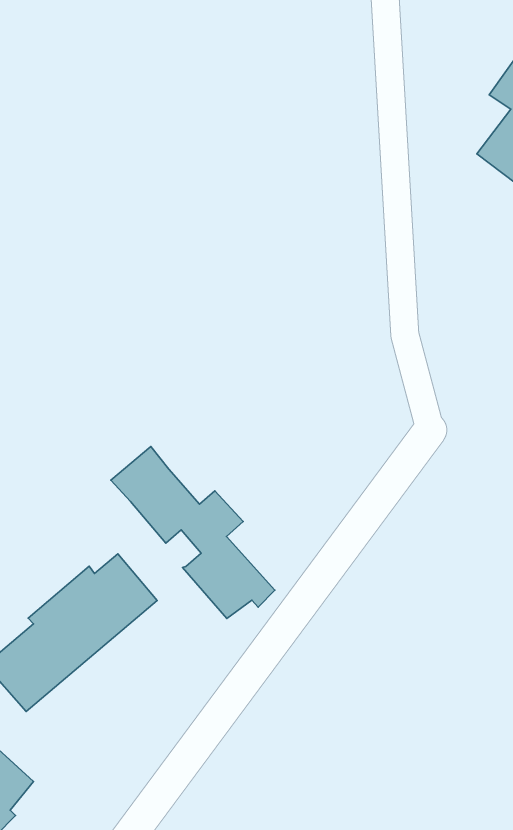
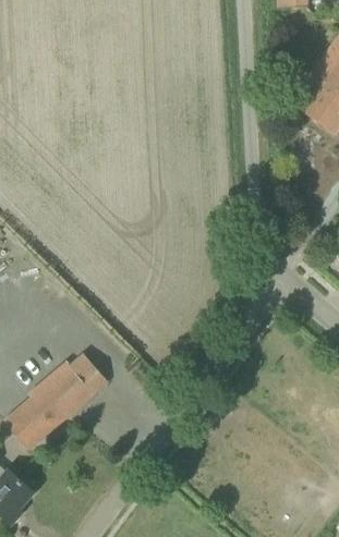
building: [111,446,275,619] -> none

